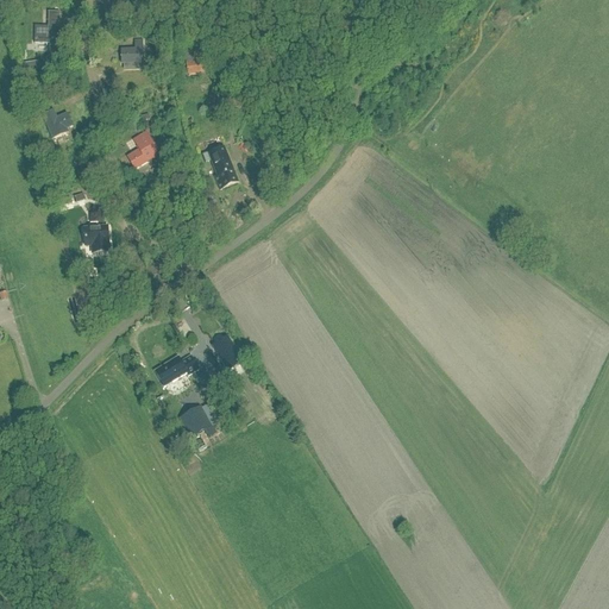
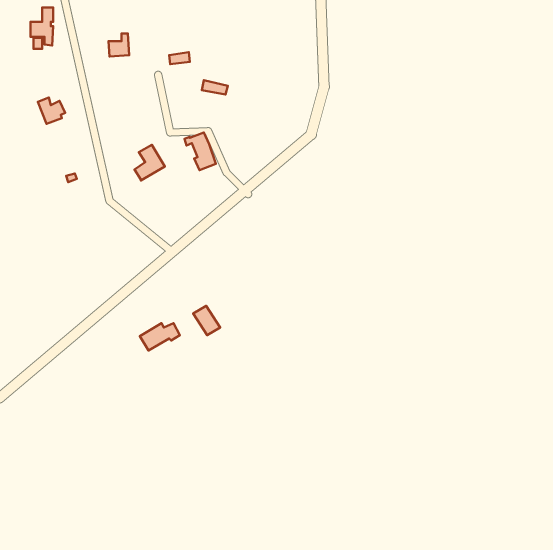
building: [126,128,159,168] -> [134,145,165,180]
building: [83,225,108,251] -> none
building: [180,404,215,437] -> none

